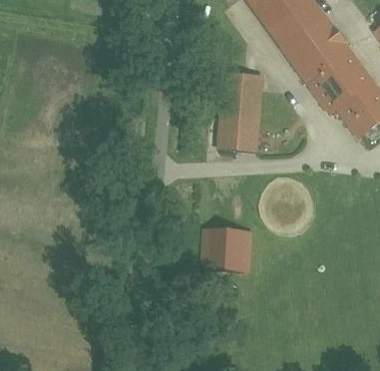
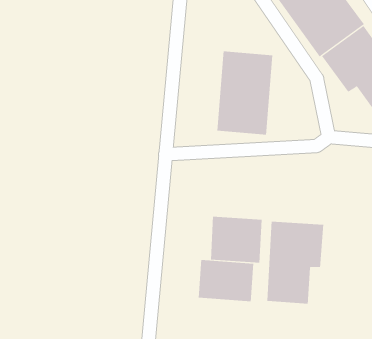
building: none -> [267,221,324,305]
building: none -> [198,259,254,302]

